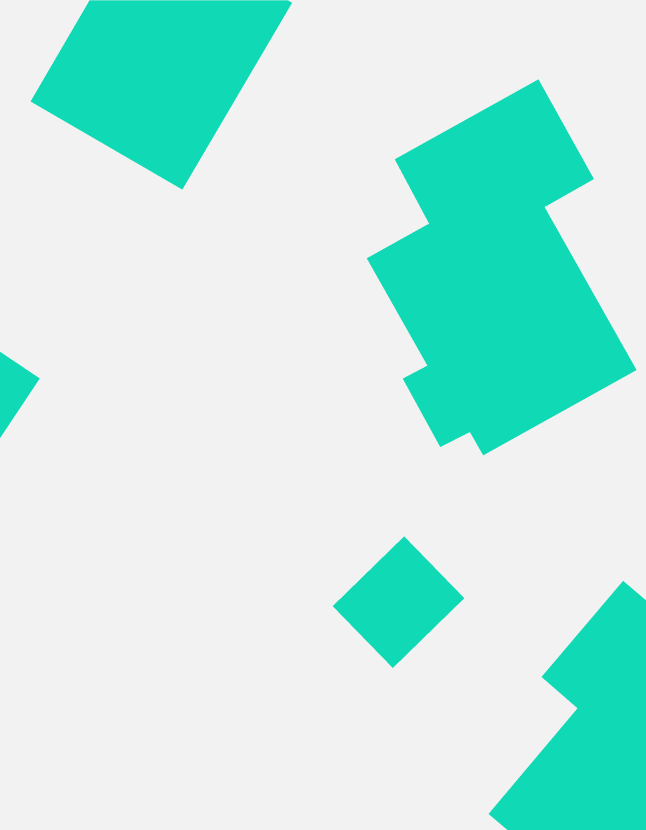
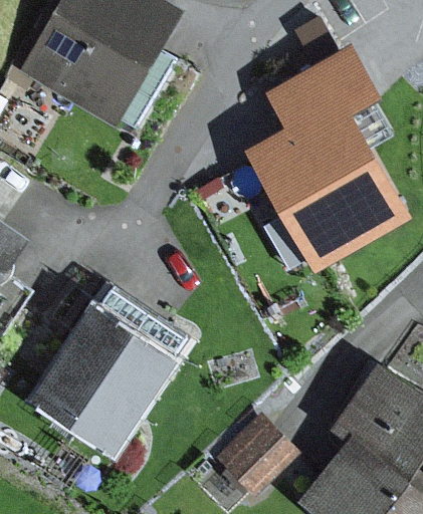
building: none -> [35,301,177,446]
building: [332,535,465,669] -> [218,410,299,491]

